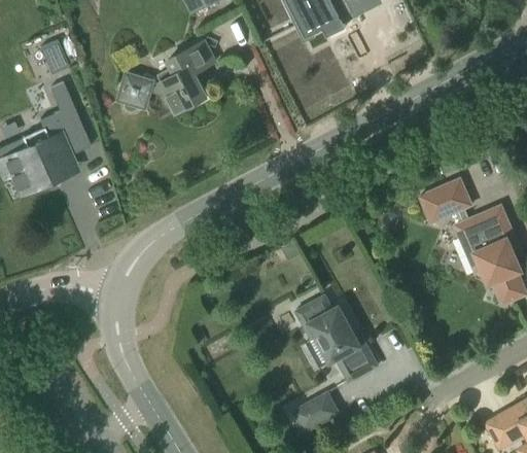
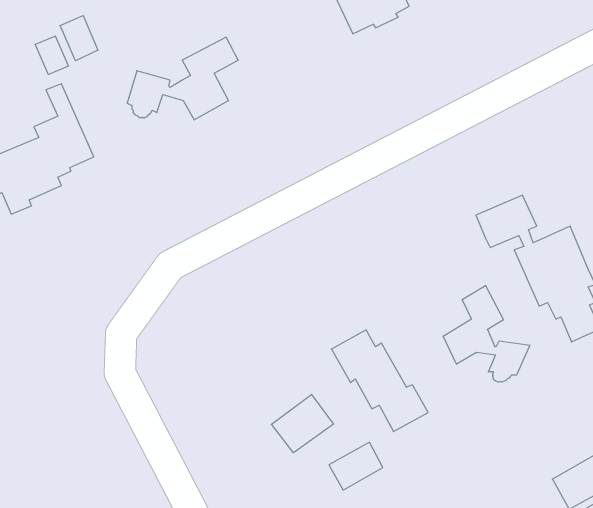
building: none -> [60,16,98,61]
building: none -> [443,285,530,382]
building: none -> [271,394,333,453]

